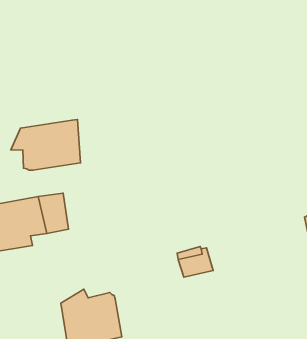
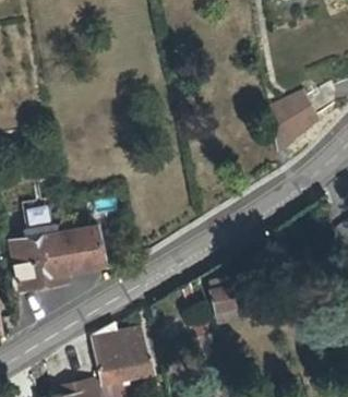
building: none -> [272,89,319,146]
building: [11,119,81,170] -> none

